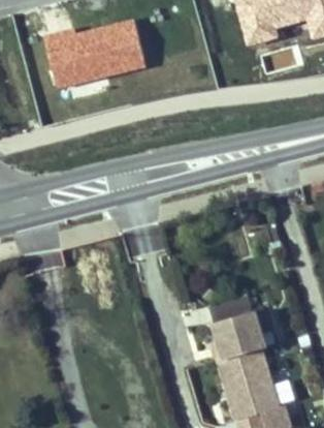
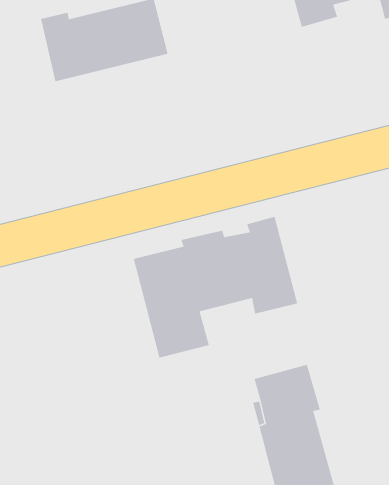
building: none -> [133,216,298,359]

